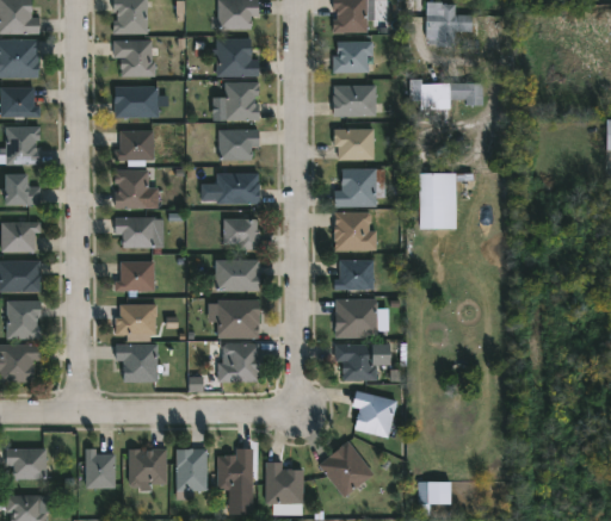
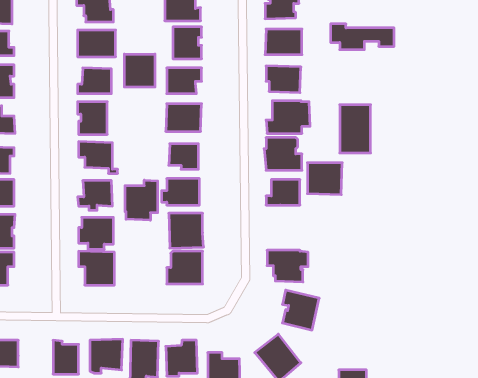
building: none -> [124,54,155,87]
building: none -> [125,180,158,220]
building: [337,299,377,336] -> [307,163,342,195]

